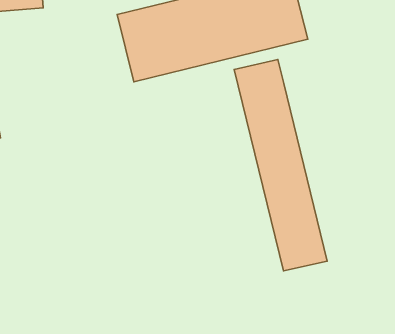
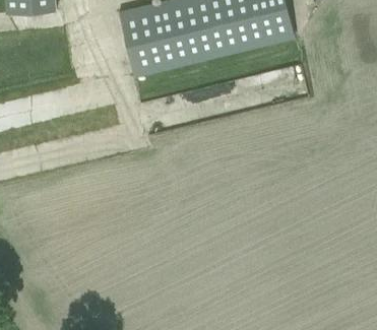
building: [234,60,327,271] -> none

